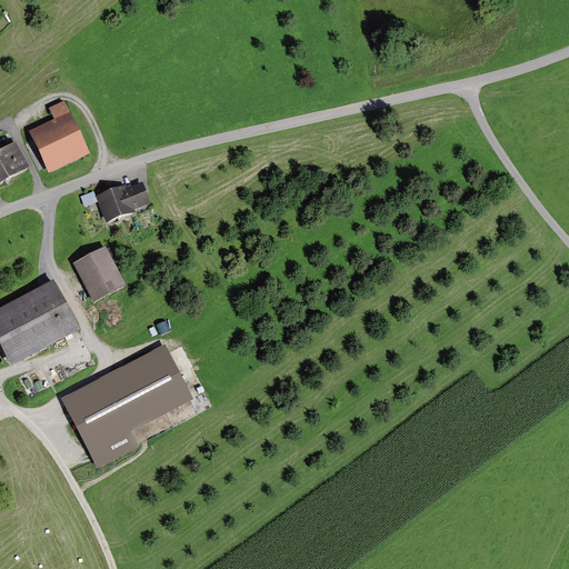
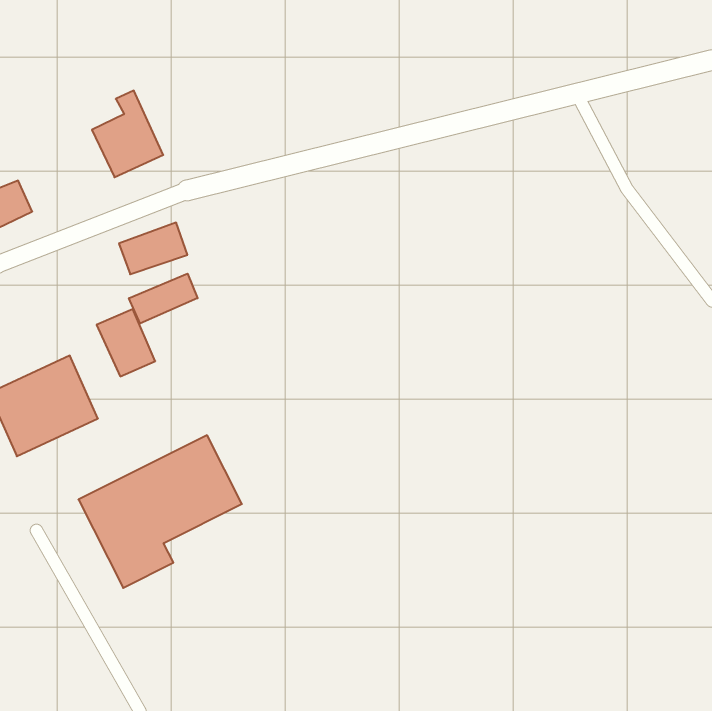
building: [29,99,86,168] -> [92,91,163,177]
building: none -> [129,274,198,324]

